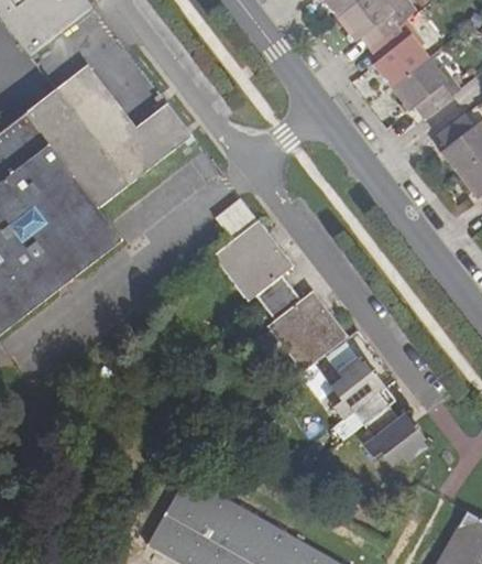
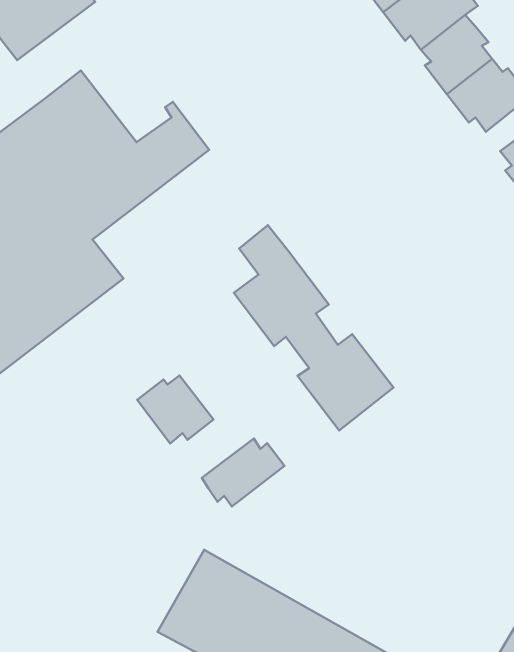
building: none -> [137,375,214,443]
building: [330,358,426,466] -> none
building: none -> [202,438,285,507]

